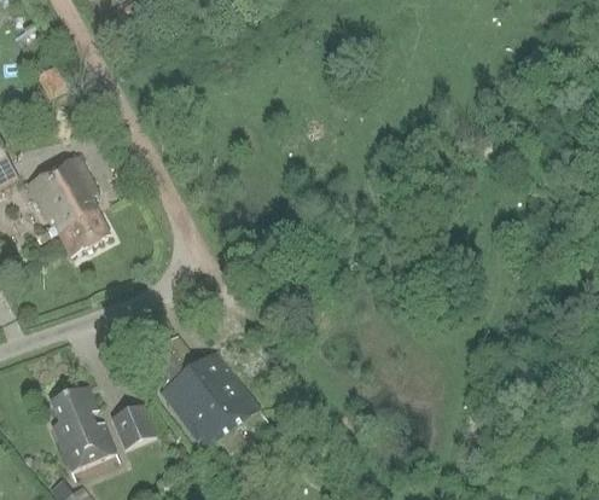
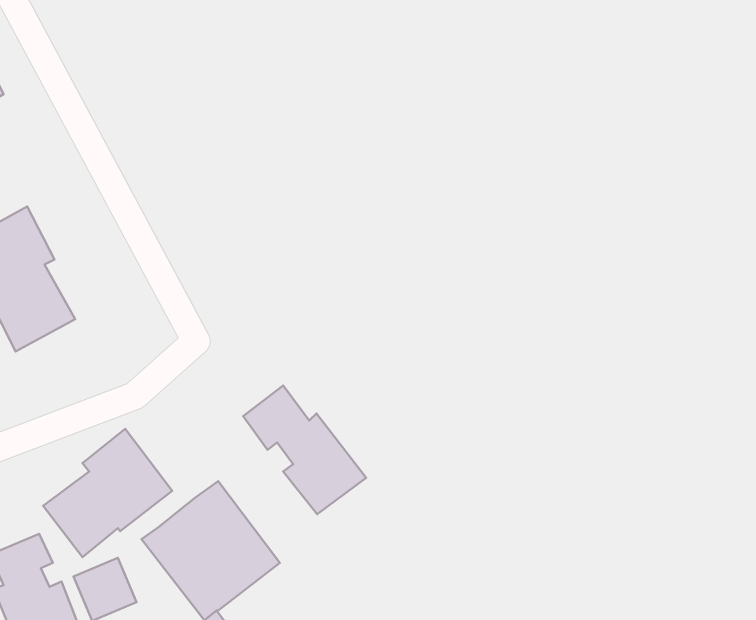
building: none -> [243,385,366,514]
building: none -> [43,429,172,557]

